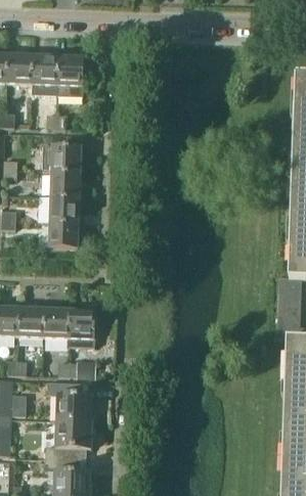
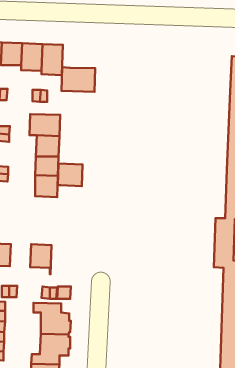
building: none -> [62,67,95,92]
building: none -> [58,164,83,186]
building: [18,308,45,336] -> none
building: [70,309,96,347] -> none

